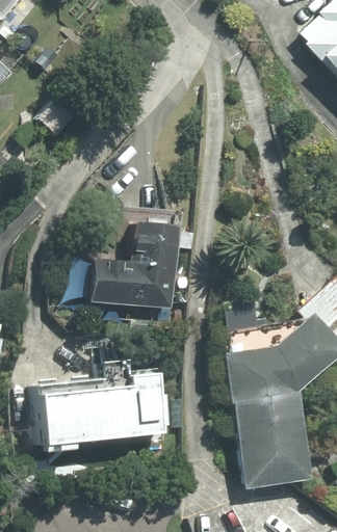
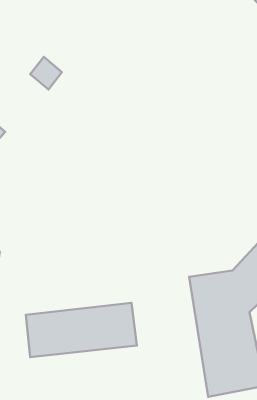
building: [90,220,178,308] -> none

